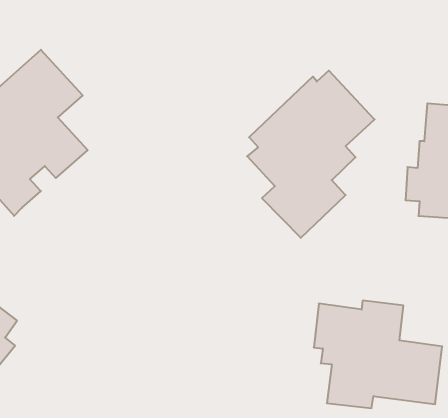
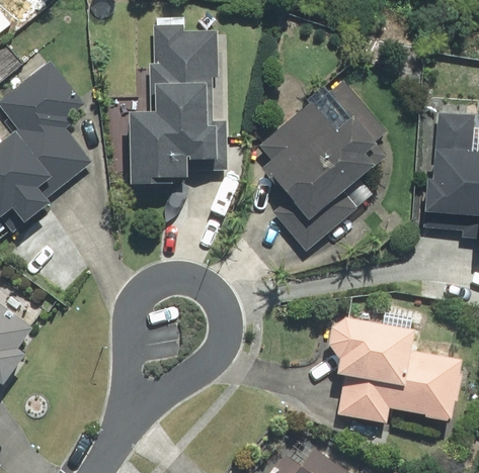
building: none -> [124,16,227,183]

